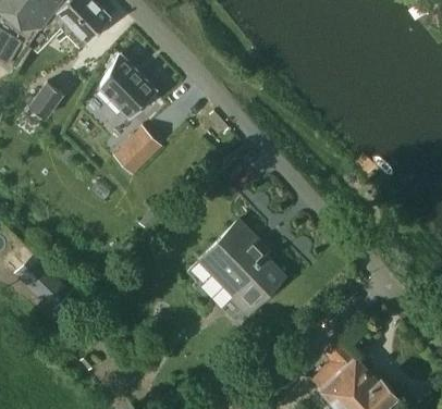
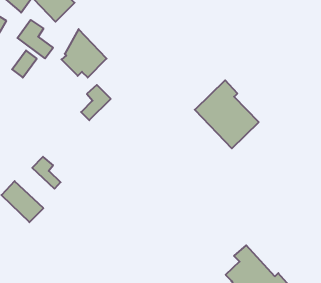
building: none -> [17,20,53,58]
building: [199,221,284,311] -> [195,80,259,148]
building: none -> [32,157,61,189]

